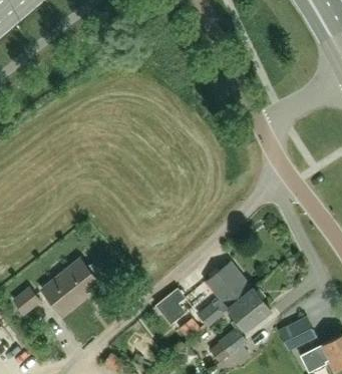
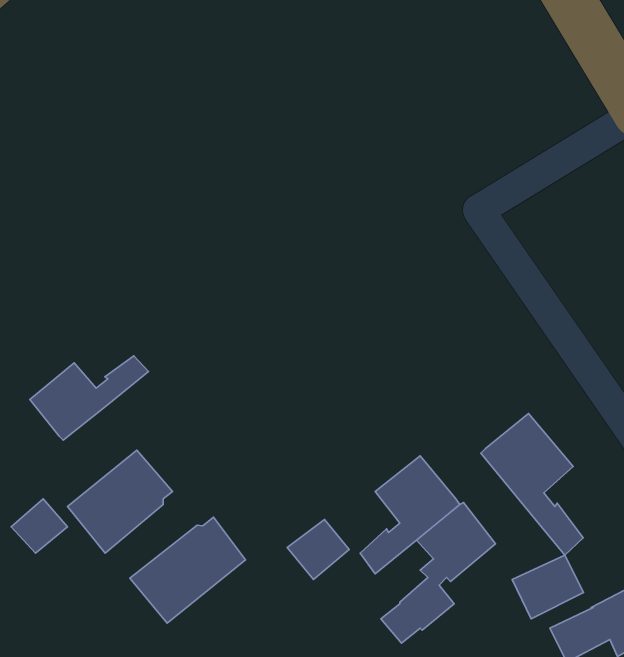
building: none -> [30,356,149,440]
building: none -> [481,413,583,555]
building: none -> [130,517,245,623]

